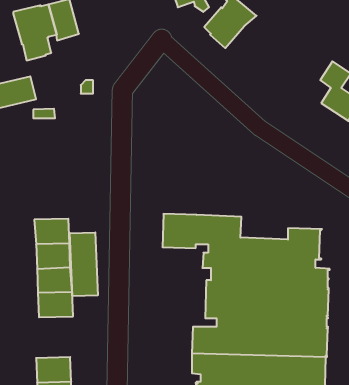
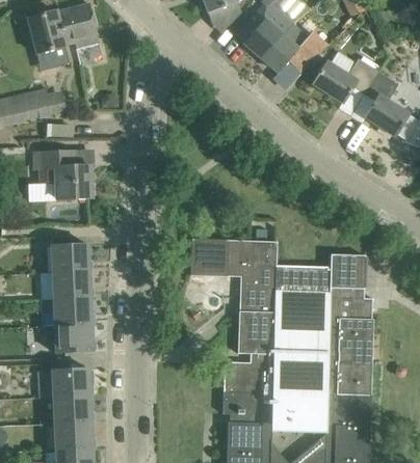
building: none -> [260,22,325,73]
building: none -> [313,60,377,104]
building: none -> [36,152,91,199]
building: [70,232,98,296] -> none
building: none -> [52,369,90,397]

